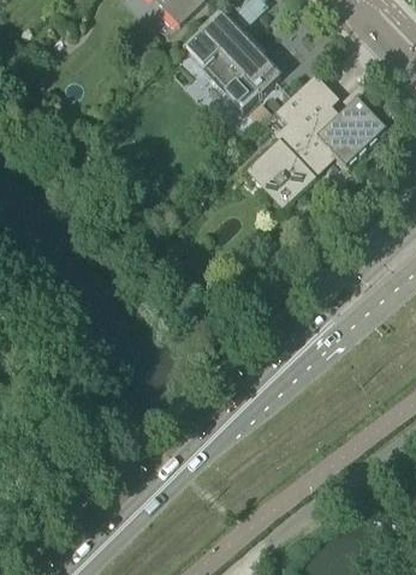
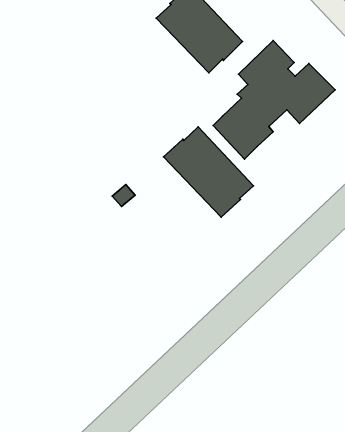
building: none -> [163,127,254,217]

